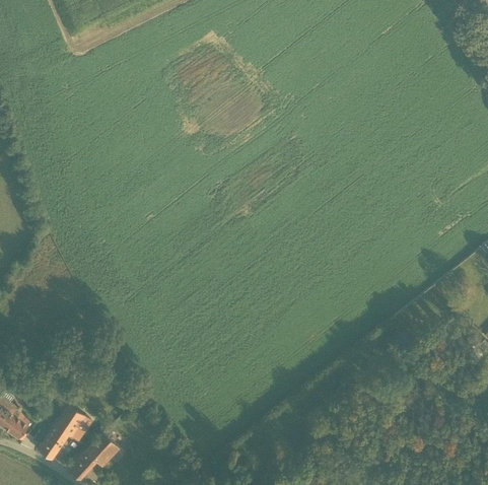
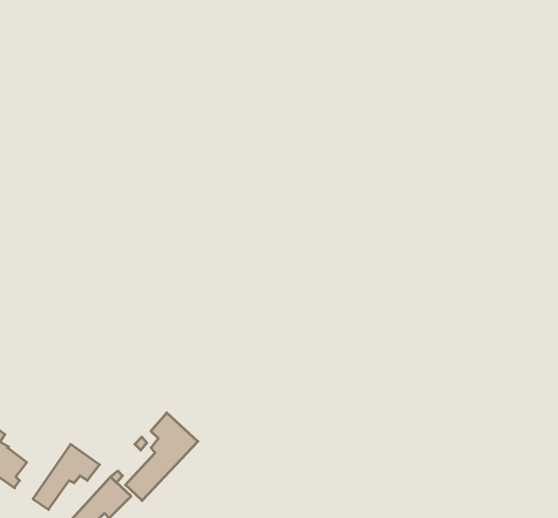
building: none -> [125,413,198,501]

